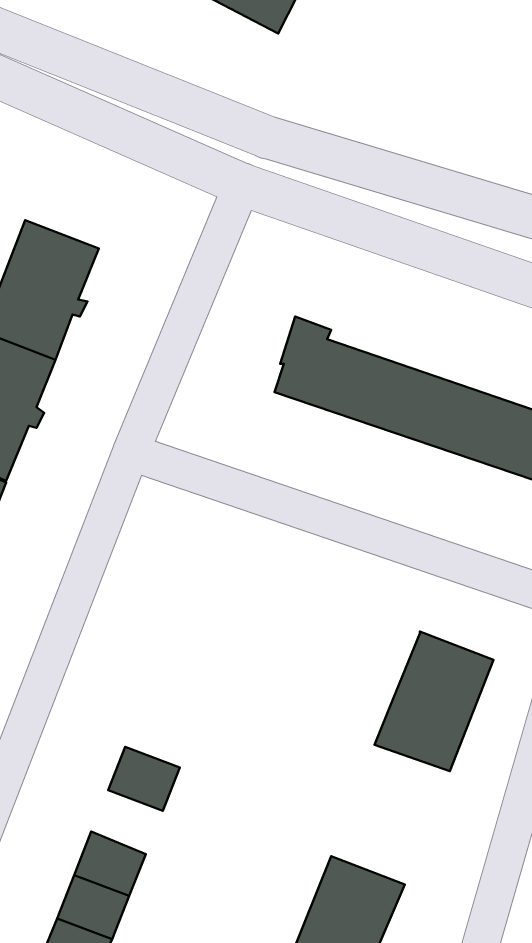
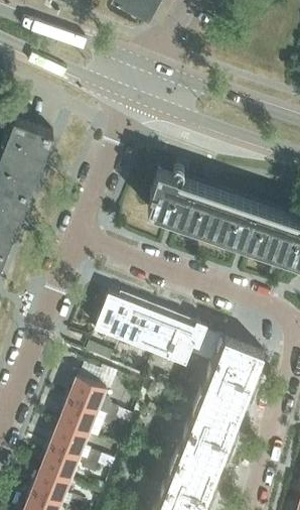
building: none -> [96,293,226,374]
building: none -> [68,377,107,411]
building: none -> [178,399,242,474]
building: none -> [50,423,89,458]

